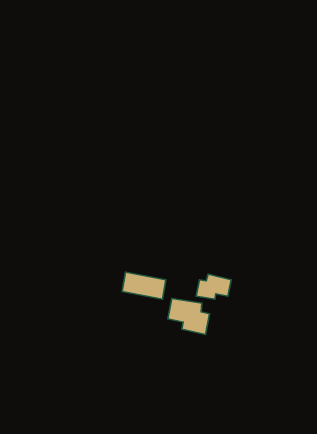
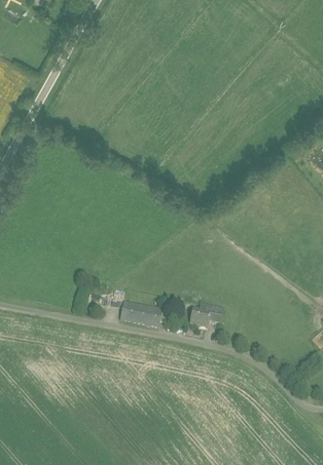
building: [168,298,210,334] -> none

